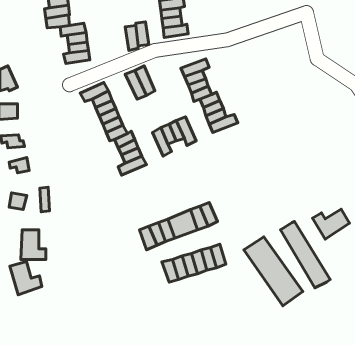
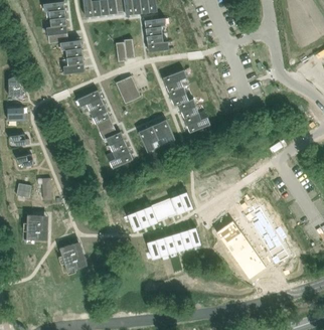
building: [313,209,350,239] -> none
building: [10,261,42,295] -> [60,243,88,272]

